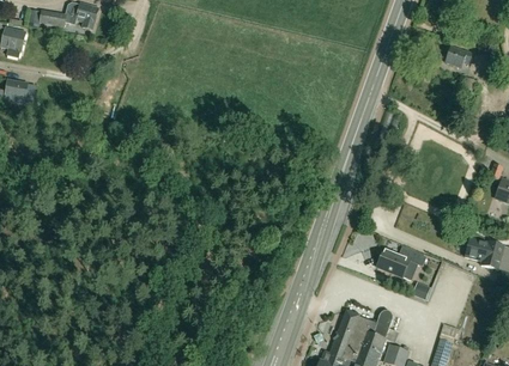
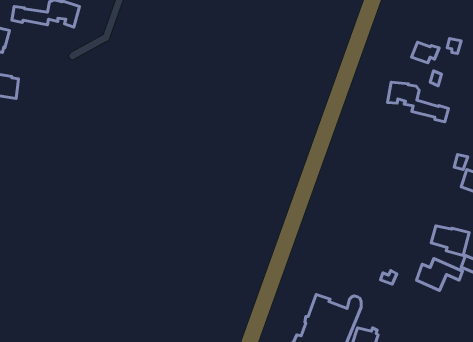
building: none -> [388,82,448,122]
building: [377,243,425,276] -> [417,258,462,291]

